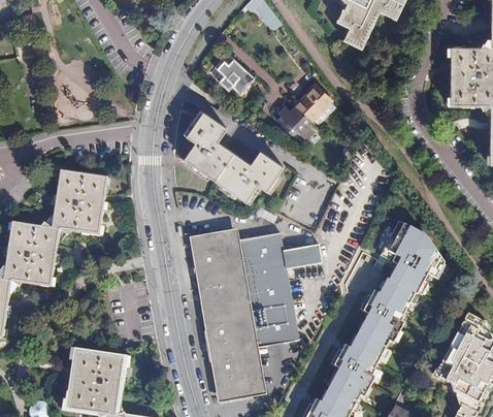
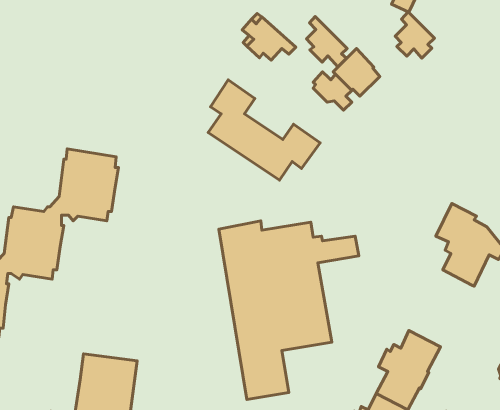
building: none -> [395,12,435,58]
building: none -> [306,16,347,67]
building: [362,277,418,346] -> none

